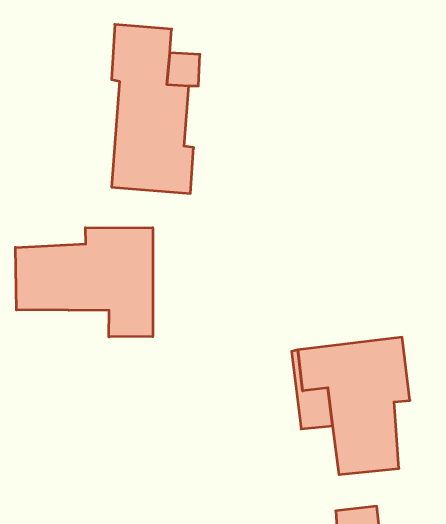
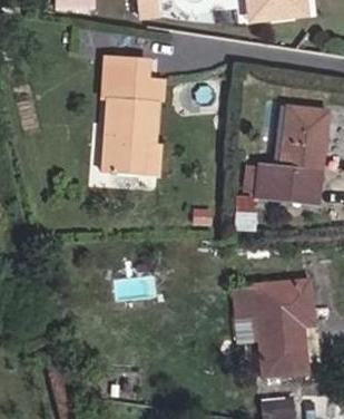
building: none -> [256,105,328,203]
building: [15,228,153,337] -> none

